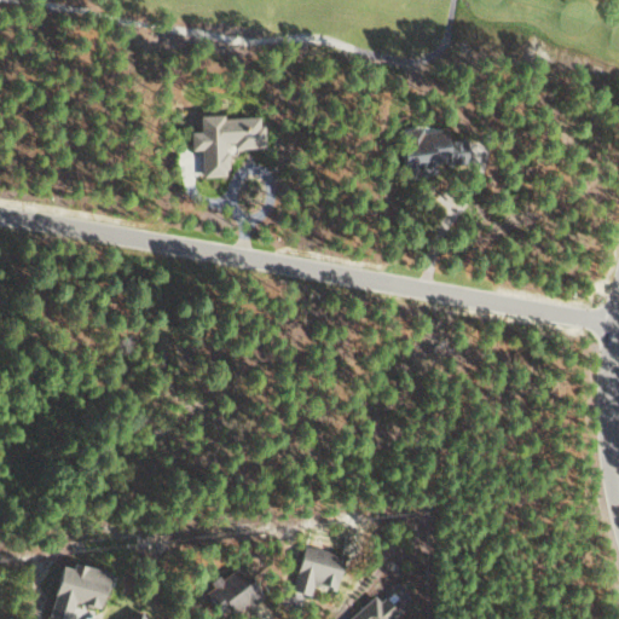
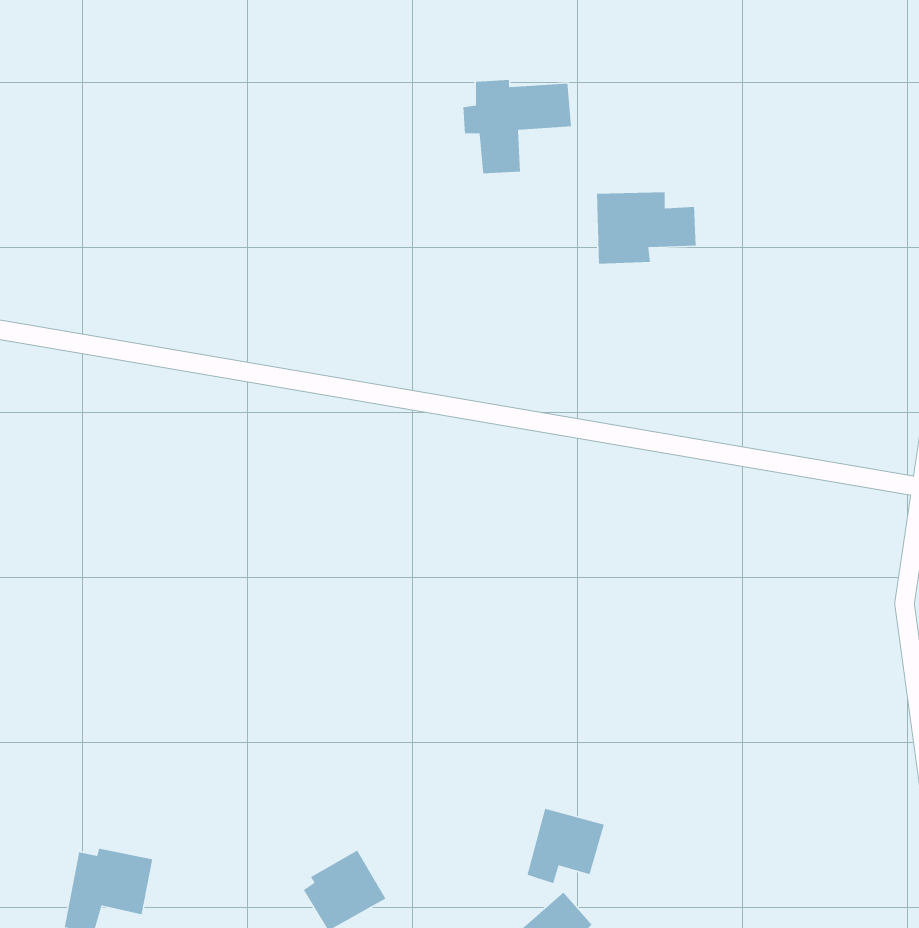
building: [193,115,266,178] -> [462,79,572,174]
building: [296,546,348,597] -> [526,808,605,884]

